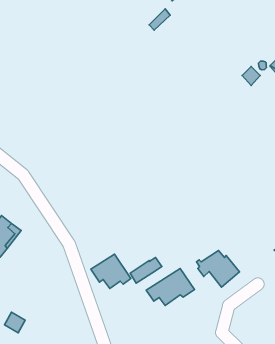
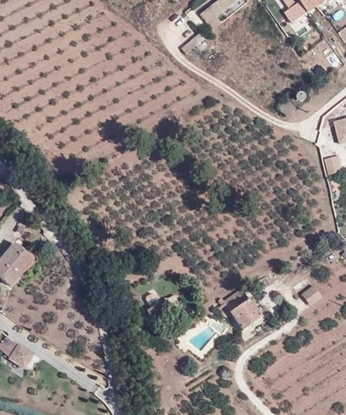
building: [91,254,131,289] -> none
building: [146,268,194,305] -> none

